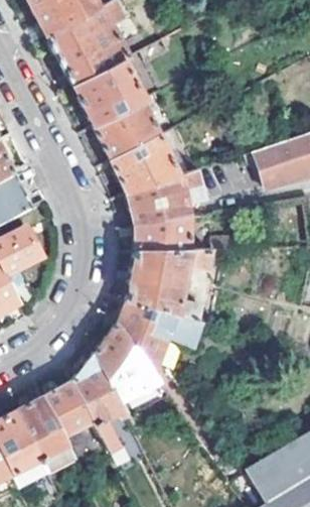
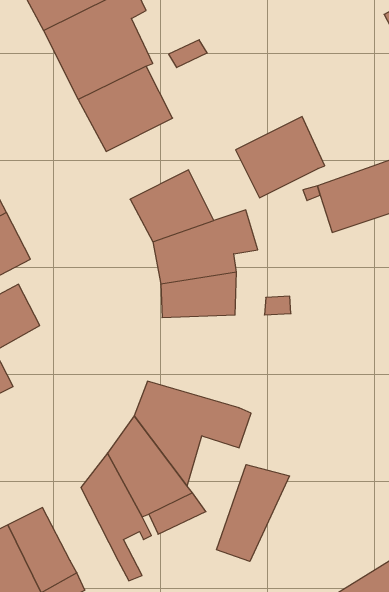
building: [93,100,160,161] -> [236,117,325,198]
building: [124,249,210,320] -> none
building: none -> [217,465,290,561]
building: [44,380,102,440] -> none

